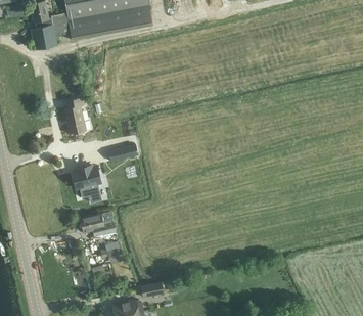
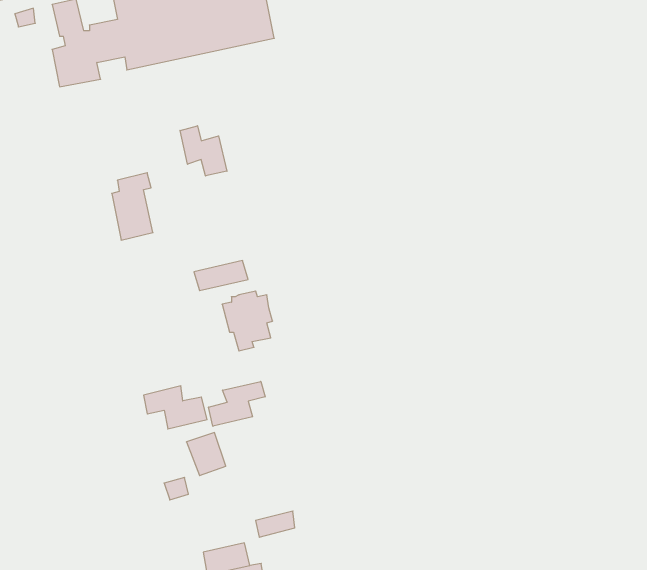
building: none -> [180,126,227,176]
building: [73,165,100,197] -> [222,291,273,351]
building: none -> [209,381,265,426]

